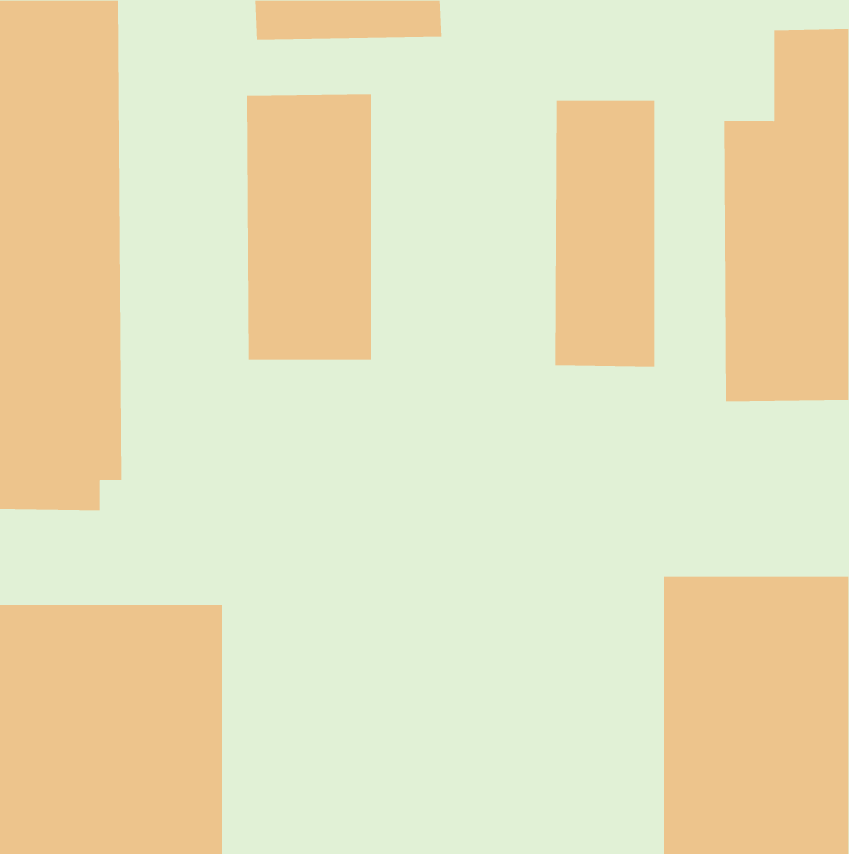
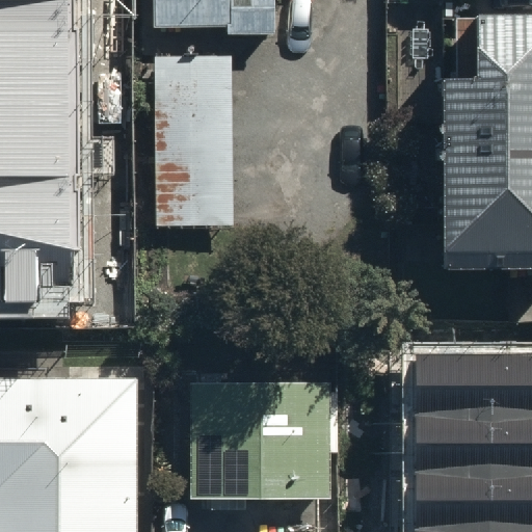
building: [555,100,655,367] -> none
building: none -> [191,385,335,493]

